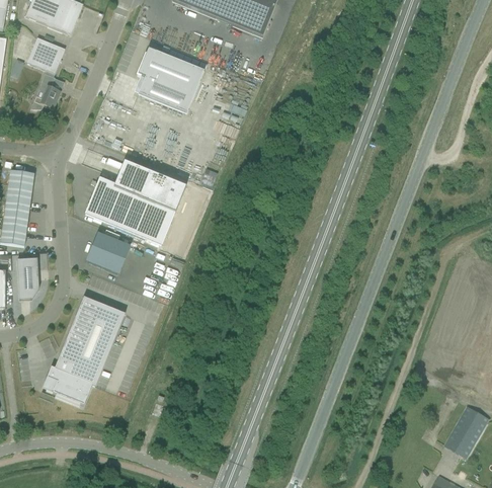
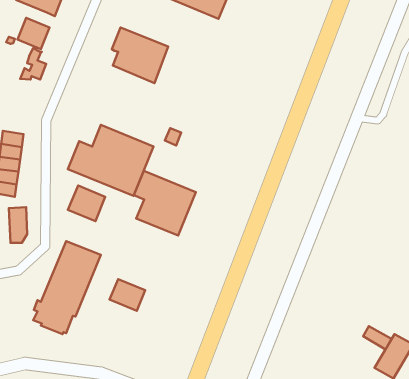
building: none -> [134,171,196,236]
building: none -> [110,279,145,311]
building: none -> [363,326,392,349]

